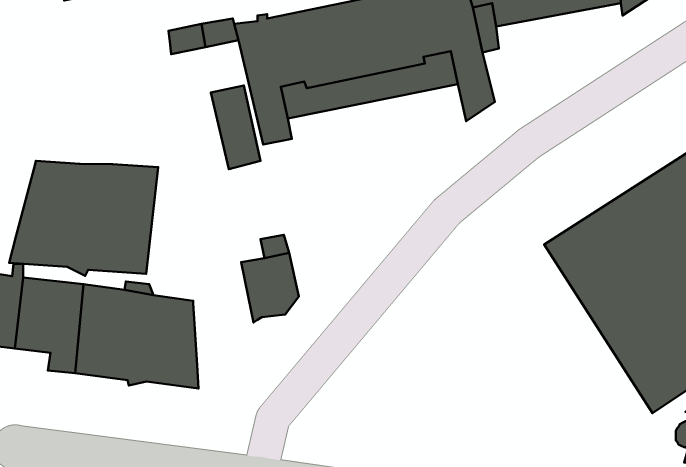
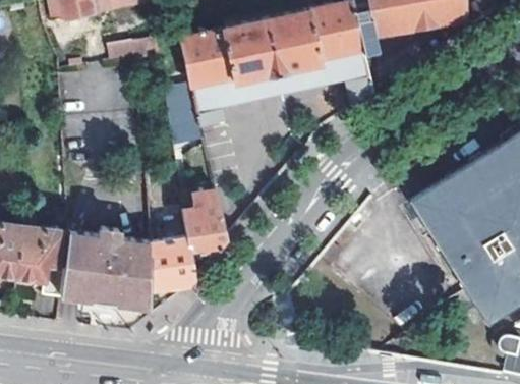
building: [9,161,158,276] -> none
building: none -> [148,238,196,289]

